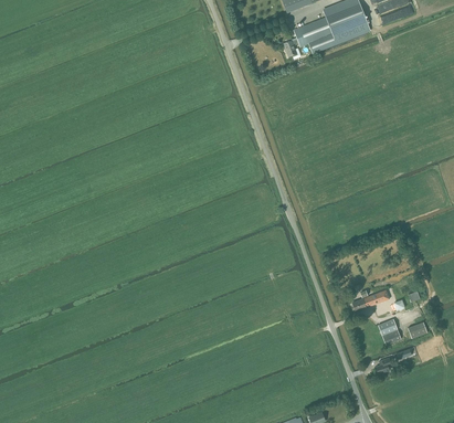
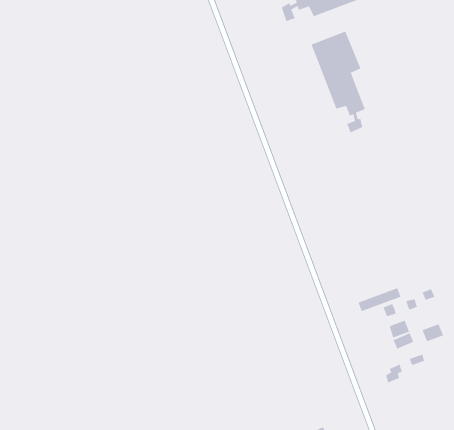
building: none -> [311,31,366,133]

